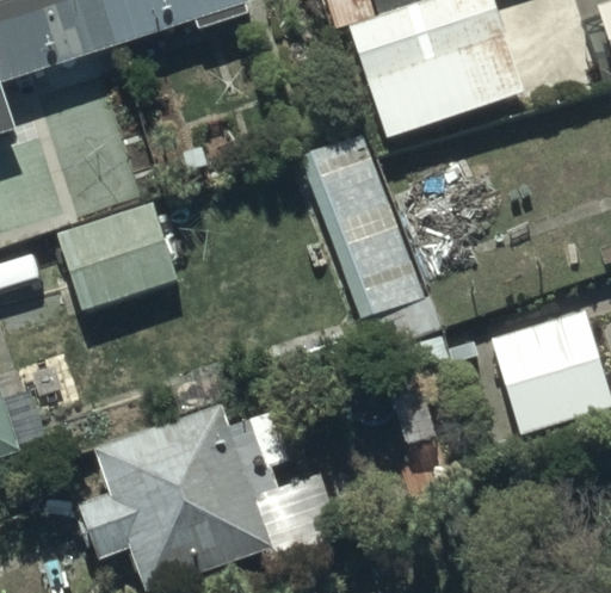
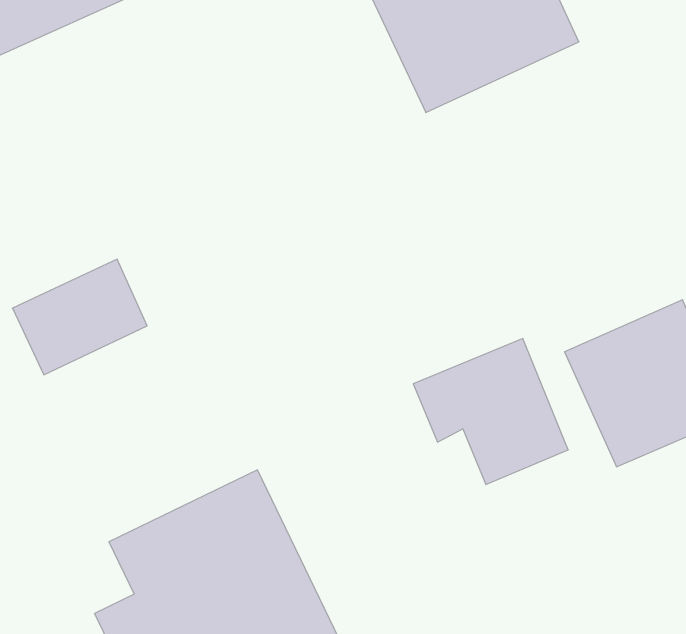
building: [300,124,432,313] -> none

